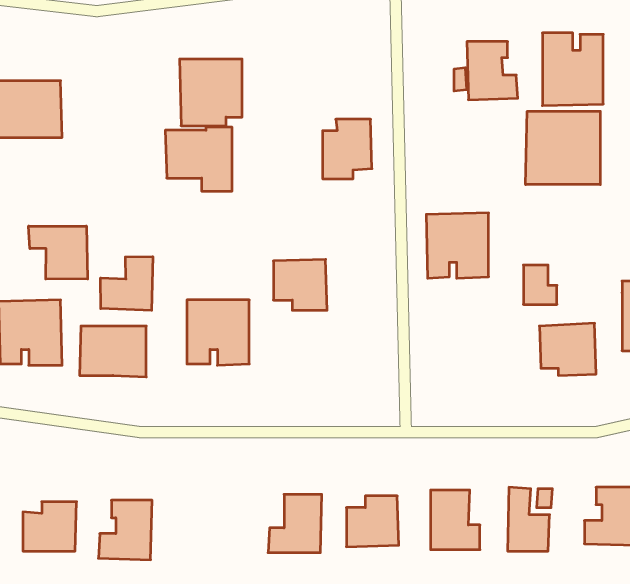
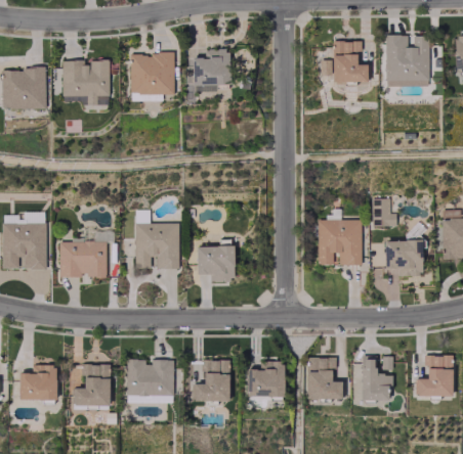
building: [526,111,600,185] -> none
building: [323,119,372,179] -> [196,49,230,91]
building: [165,127,232,191] -> [62,59,110,104]
building: [426,213,489,278] -> [318,219,362,265]
building: [29,226,88,279] -> none
building: [101,257,153,310] -> none
building: [273,259,327,310] -> [198,245,236,281]
building: none -> [127,359,174,403]

